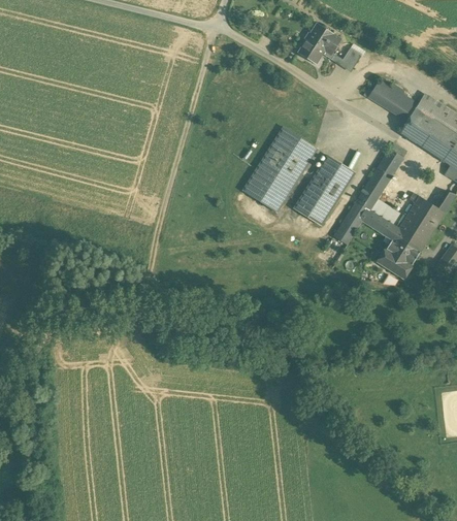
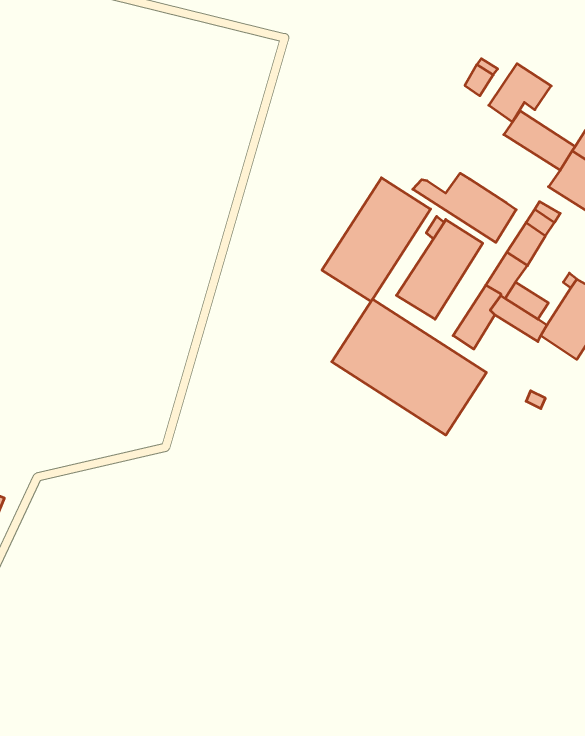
building: [298,24,341,64] -> [489,64,551,122]
building: none -> [413,173,516,242]
building: none -> [332,299,486,435]
building: [377,236,419,280] -> none

